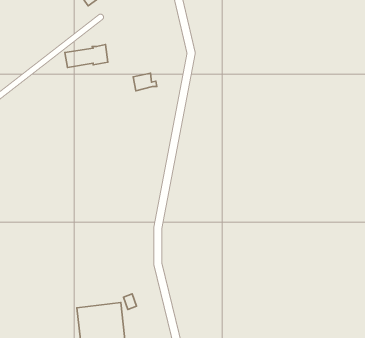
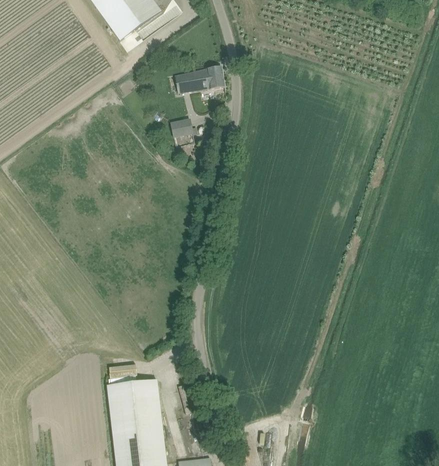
building: [65,45,108,67] -> [176,66,225,92]

